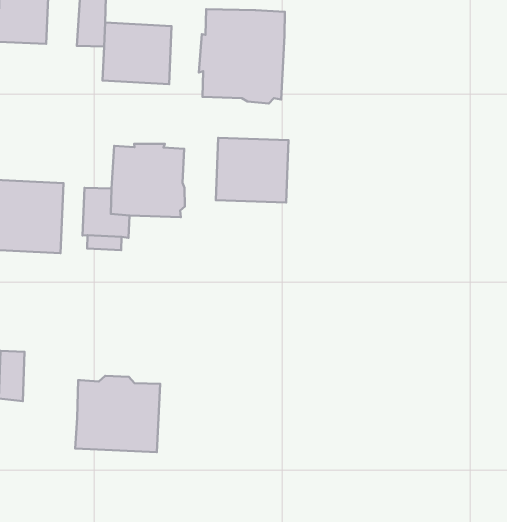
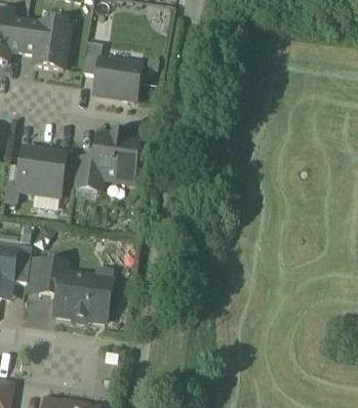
building: [199,9,285,104] -> none
building: [216,138,289,203] -> none
building: none -> [38,259,65,294]

